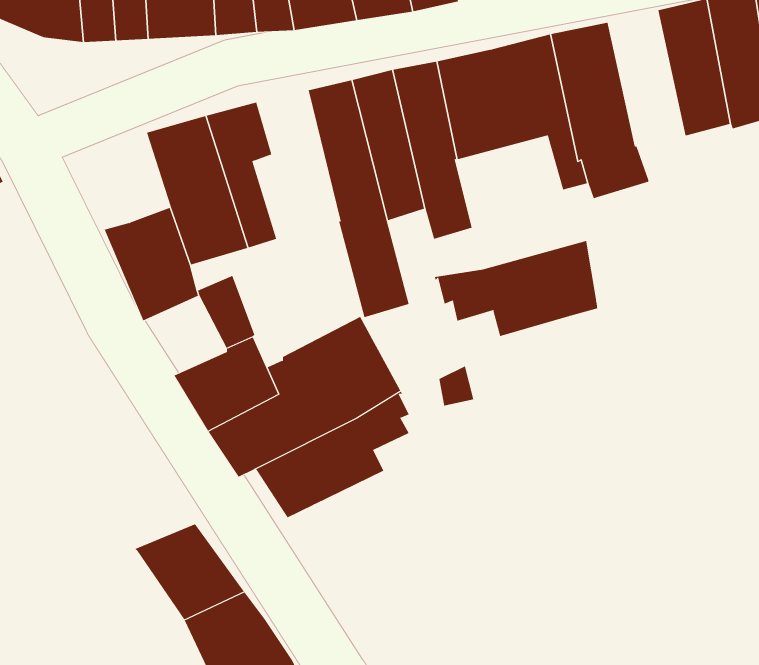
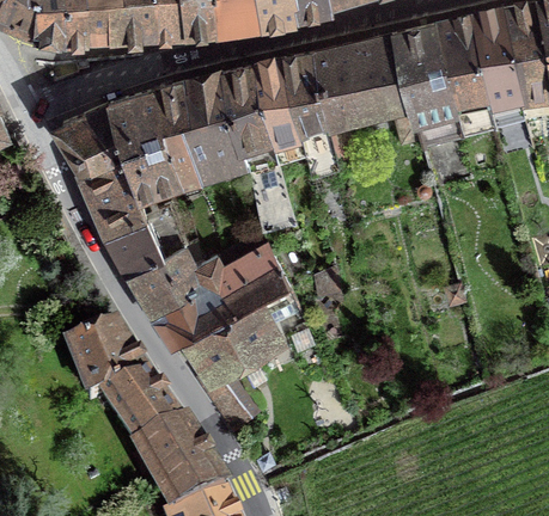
building: none -> [435,19,496,139]
building: none -> [185,75,246,180]
building: none -> [60,105,127,173]
building: [434,240,598,337] -> none
building: none -> [108,220,166,276]
building: none -> [67,328,145,404]
building: none -> [197,367,262,432]

